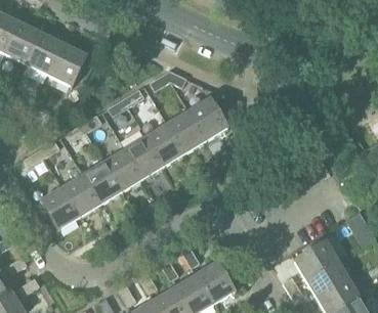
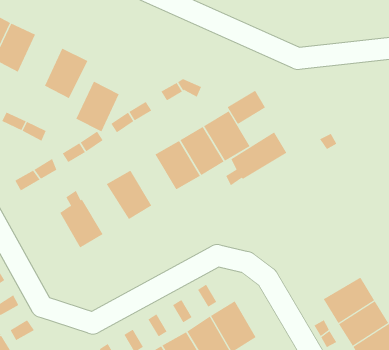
building: [28,31,66,75] -> [76,81,119,132]
building: none -> [227,90,266,125]
building: none -> [226,132,287,186]
building: [125,134,164,178] -> none
building: [83,160,123,203] -> none
building: [40,184,81,229] -> none

